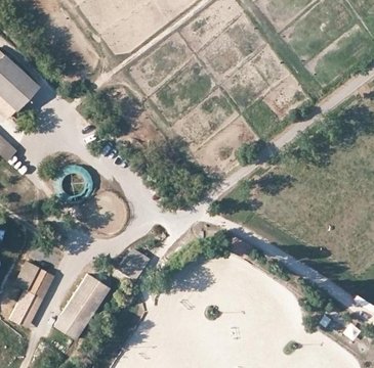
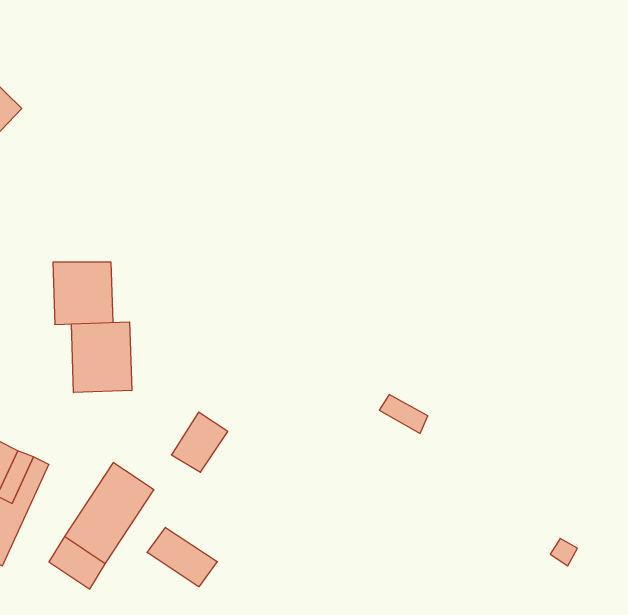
building: none -> [71,322,132,393]
building: none -> [147,527,217,587]

